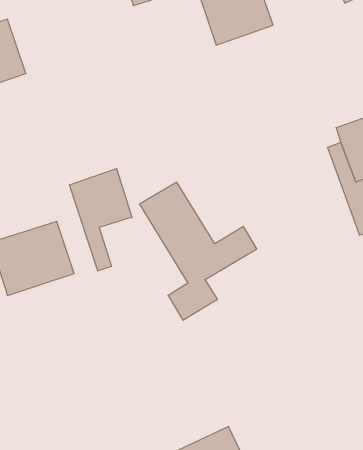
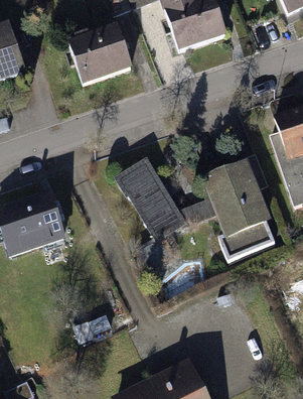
building: none -> [68,23,132,80]
building: [70,168,132,271] -> none
building: none -> [209,165,278,256]

